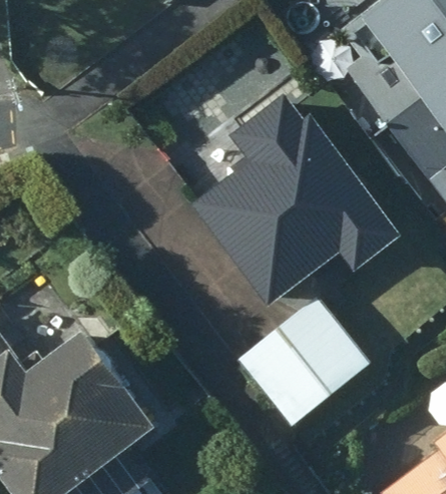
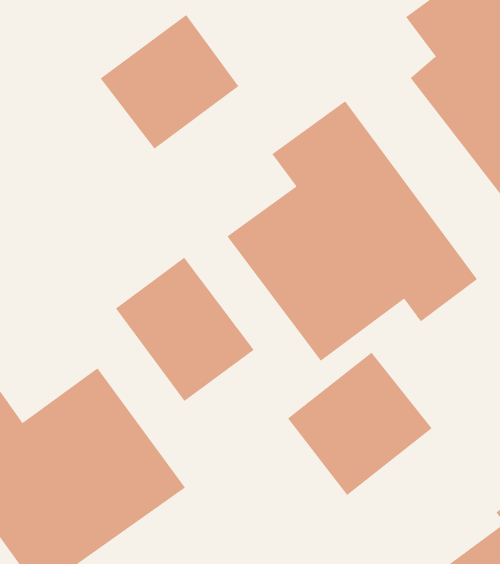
building: none -> [100,14,239,149]
building: none -> [115,257,254,402]

